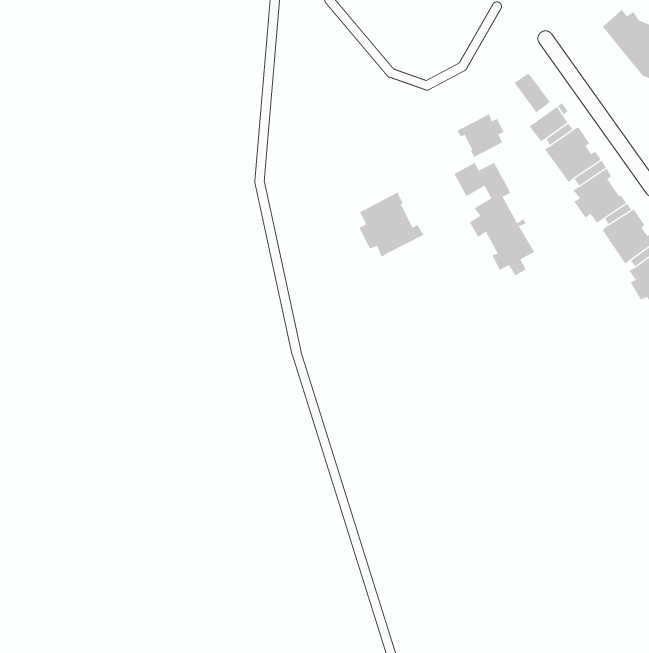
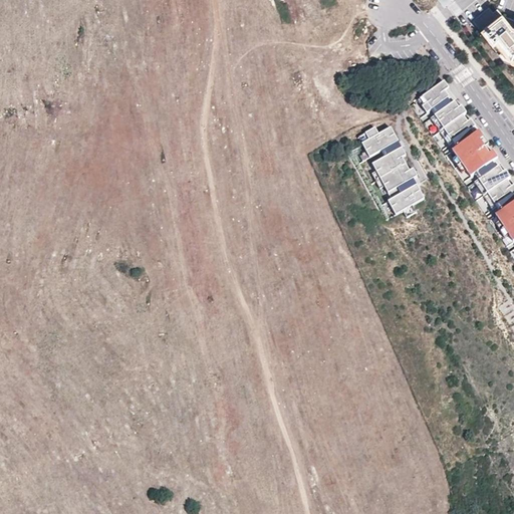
building: [514,73,551,113] -> none
building: [456,113,504,158] -> none
building: [359,192,424,258] -> none

